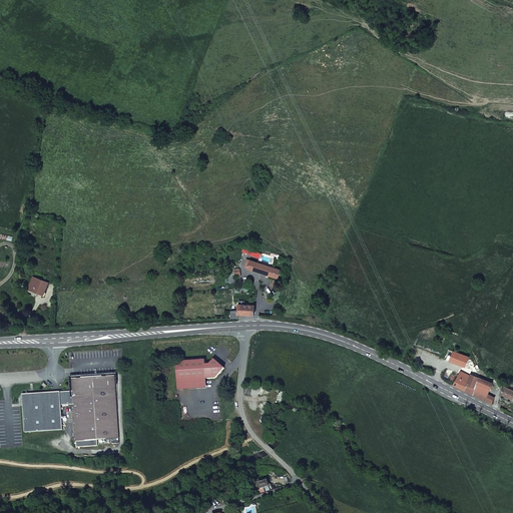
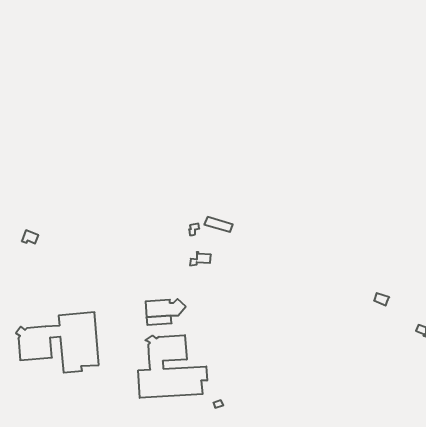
building: [452,372,489,402] -> none
building: none -> [138,335,207,398]

